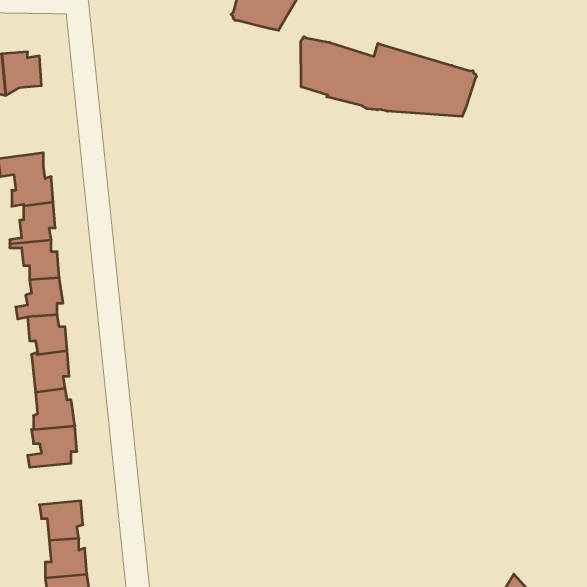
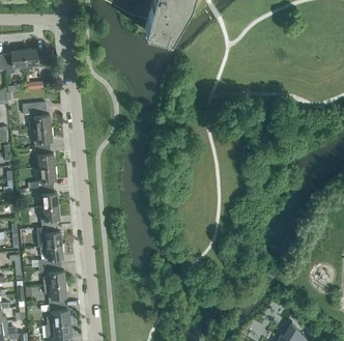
building: [301,37,476,116] -> none
building: none -> [38,265,65,287]

